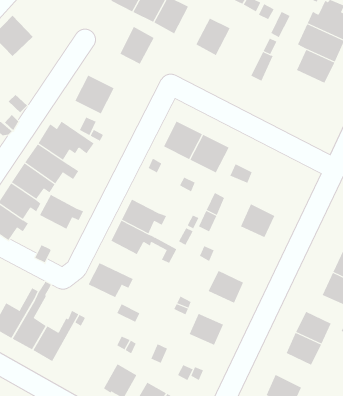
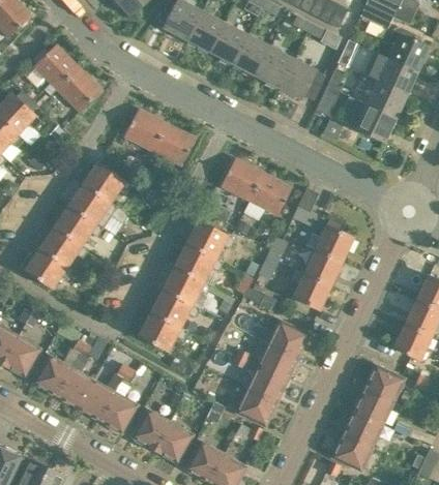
building: [119,26,155,64] -> [232,34,270,75]
building: none -> [277,58,316,99]
building: none -> [56,67,101,112]
building: none -> [343,96,396,142]
building: none -> [152,123,195,165]
building: none -> [185,220,234,259]
building: none -> [315,224,353,262]
building: [39,194,84,229] -> [150,289,199,327]
building: none -> [292,273,330,310]
building: none -> [258,343,297,380]
building: none -> [99,384,138,432]
building: none -> [237,390,275,425]
building: none -> [133,410,170,449]
building: none -> [342,411,384,451]

